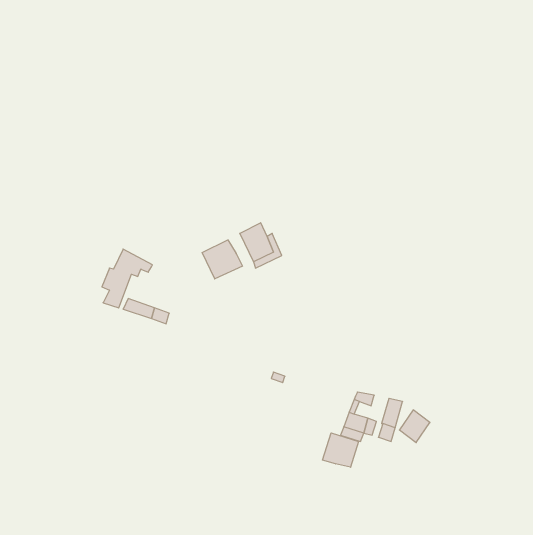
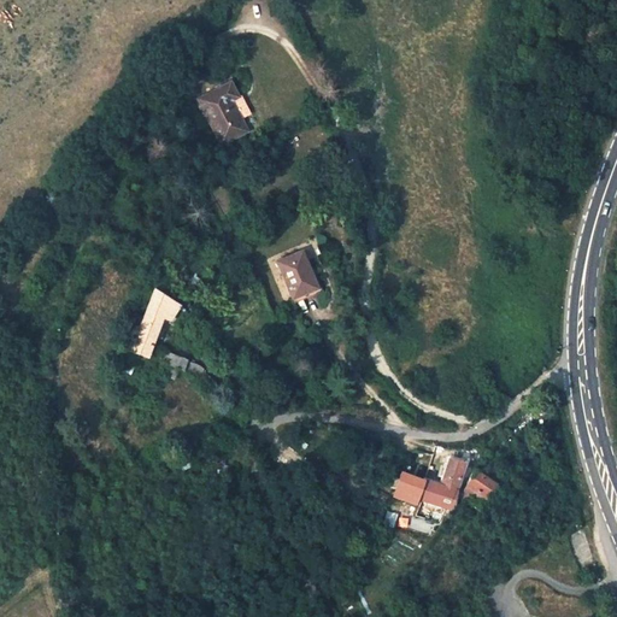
building: none -> [202,83,248,140]
building: [202,240,242,279] -> none
building: [322,433,359,467] -> none

